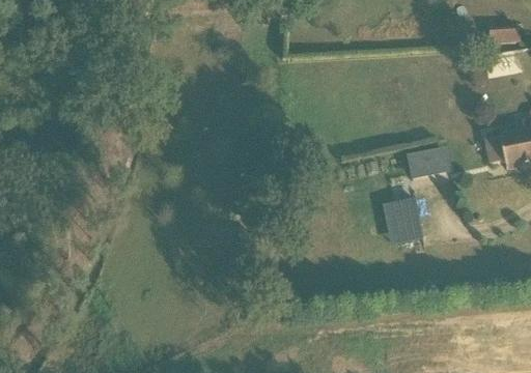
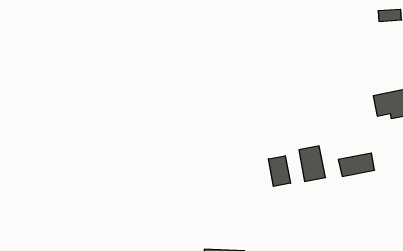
building: [407,146,453,176] -> [338,153,375,176]
building: none -> [268,156,291,186]

